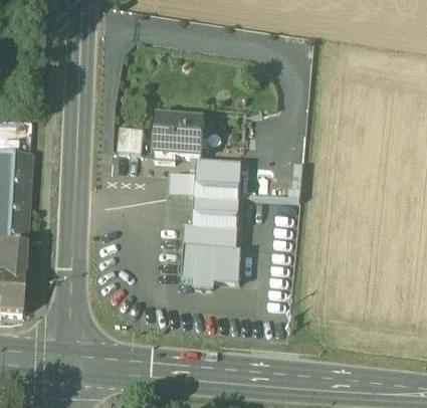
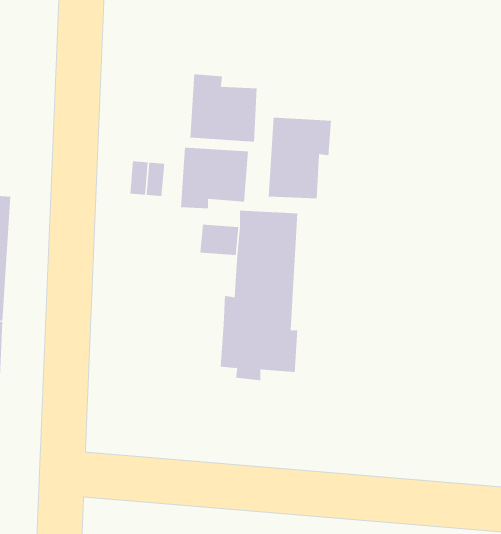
building: none -> [190,73,257,142]
building: none -> [268,117,332,199]

